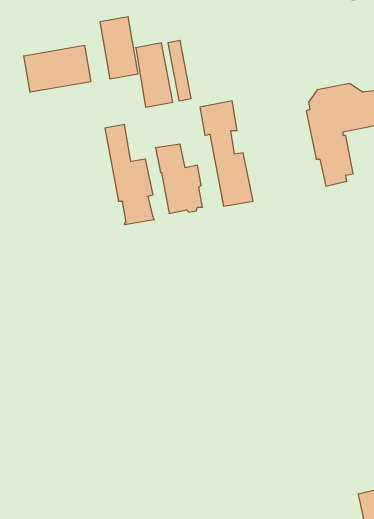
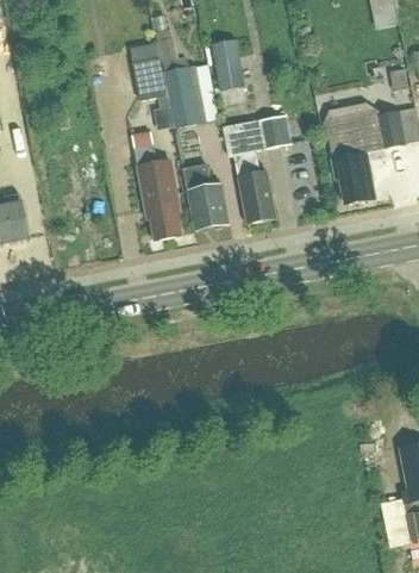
building: none -> [210,37,243,88]
building: [24,45,91,92] -> none
building: none -> [256,114,292,149]

